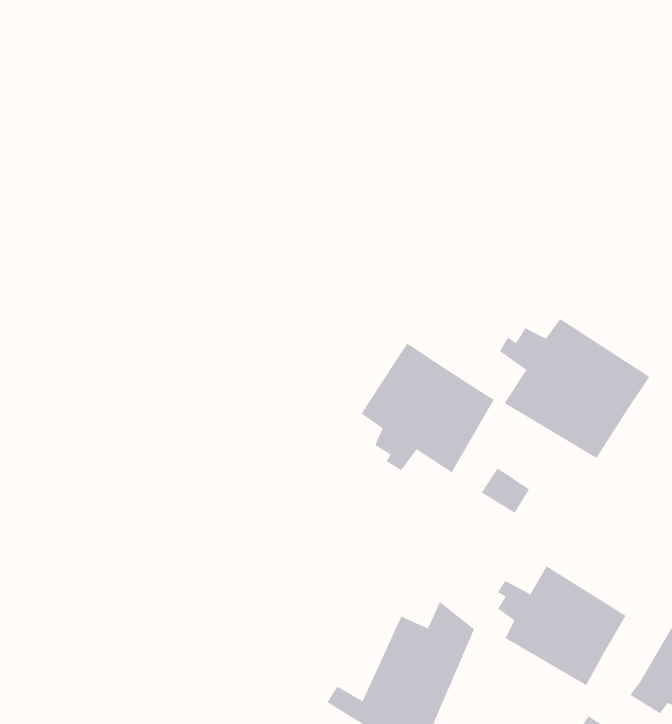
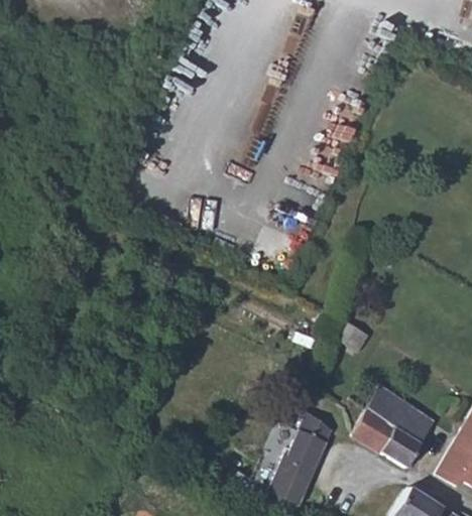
building: [499,318,650,459] -> none
building: [361,342,494,473] -> none

